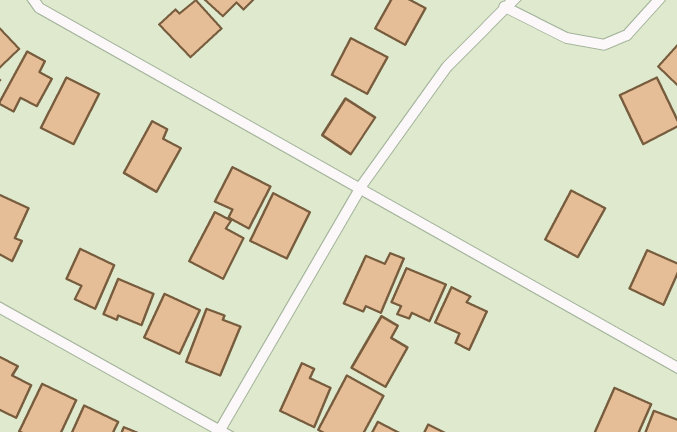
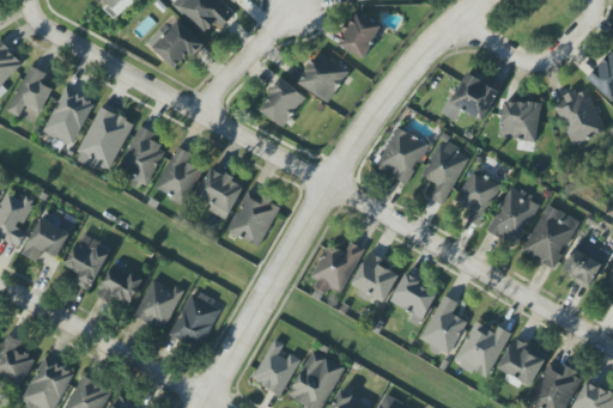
building: none -> [442,72,499,121]
building: none -> [499,99,540,141]
building: [322,98,375,154] -> [260,78,306,127]
building: none -> [74,106,133,171]
building: none -> [377,128,429,183]
building: none -> [421,139,471,205]
building: none -> [455,168,502,225]
building: none -> [523,203,578,268]
building: [189,212,244,279] -> [154,146,202,205]
building: none -> [22,217,75,262]
building: [352,316,407,387] -> [418,294,467,357]
building: none -> [454,321,511,378]
building: none -> [498,336,548,385]

